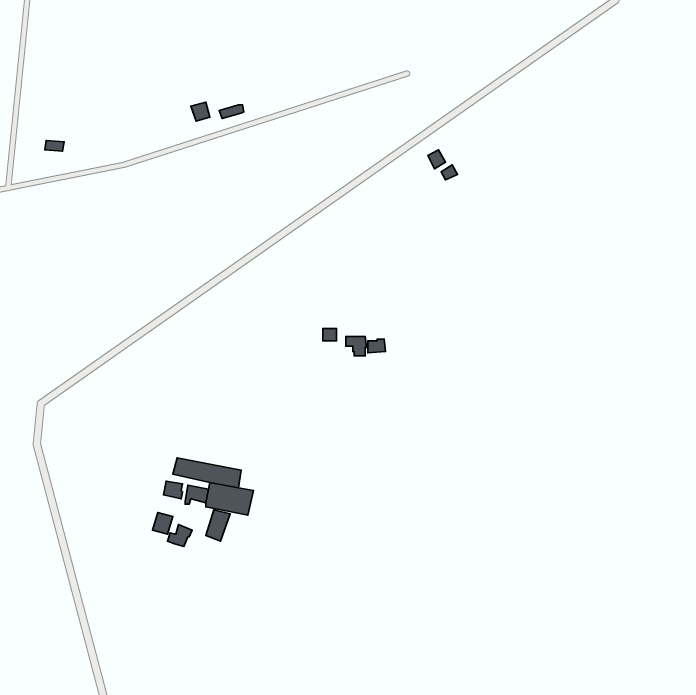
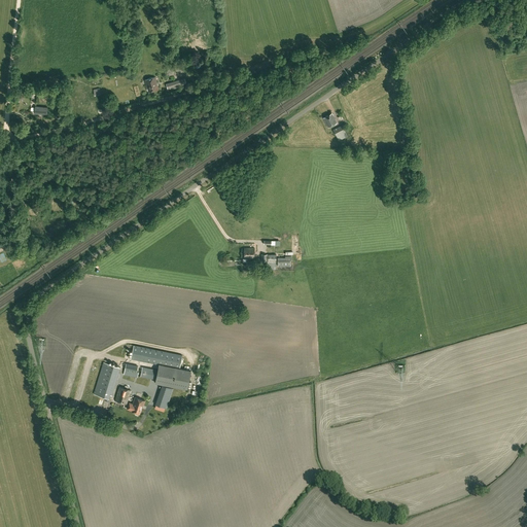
building: none -> [94,363,120,399]

